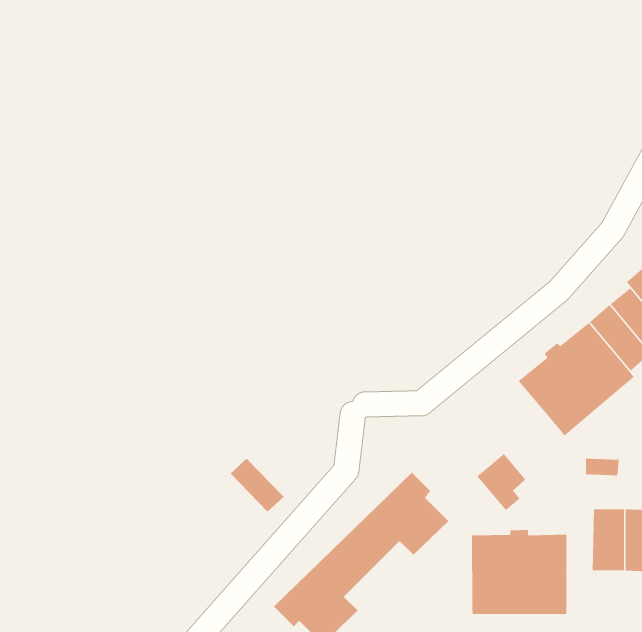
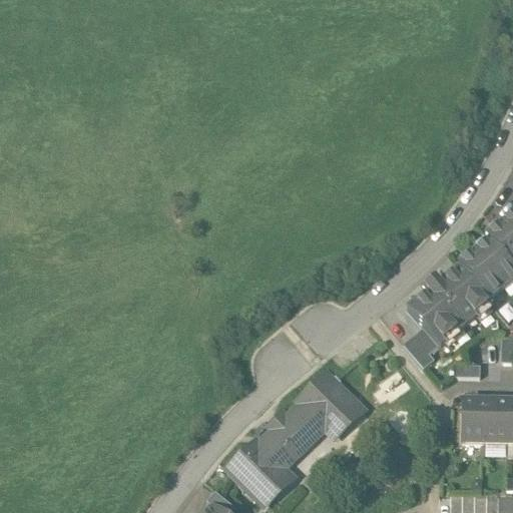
building: [477,453,526,511] -> [403,327,439,369]
building: [230,458,284,513] -> none
building: [472,529,567,615] -> none

